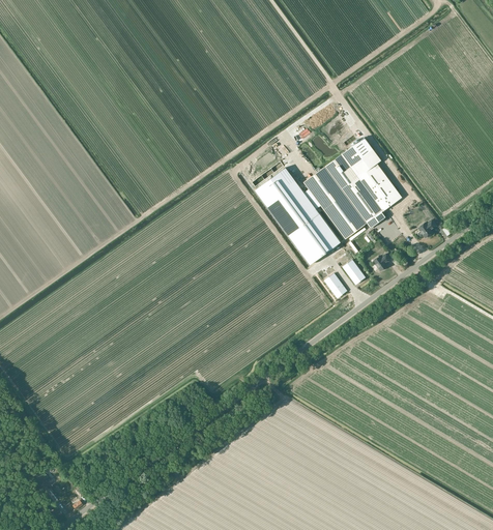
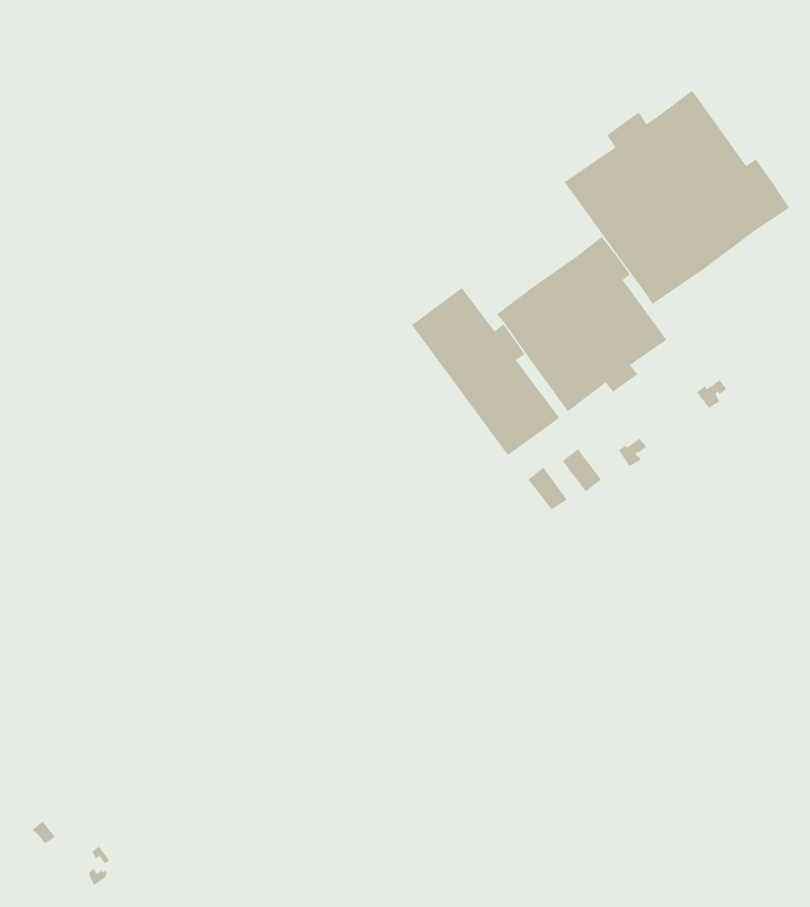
building: none -> [564,90,790,305]

